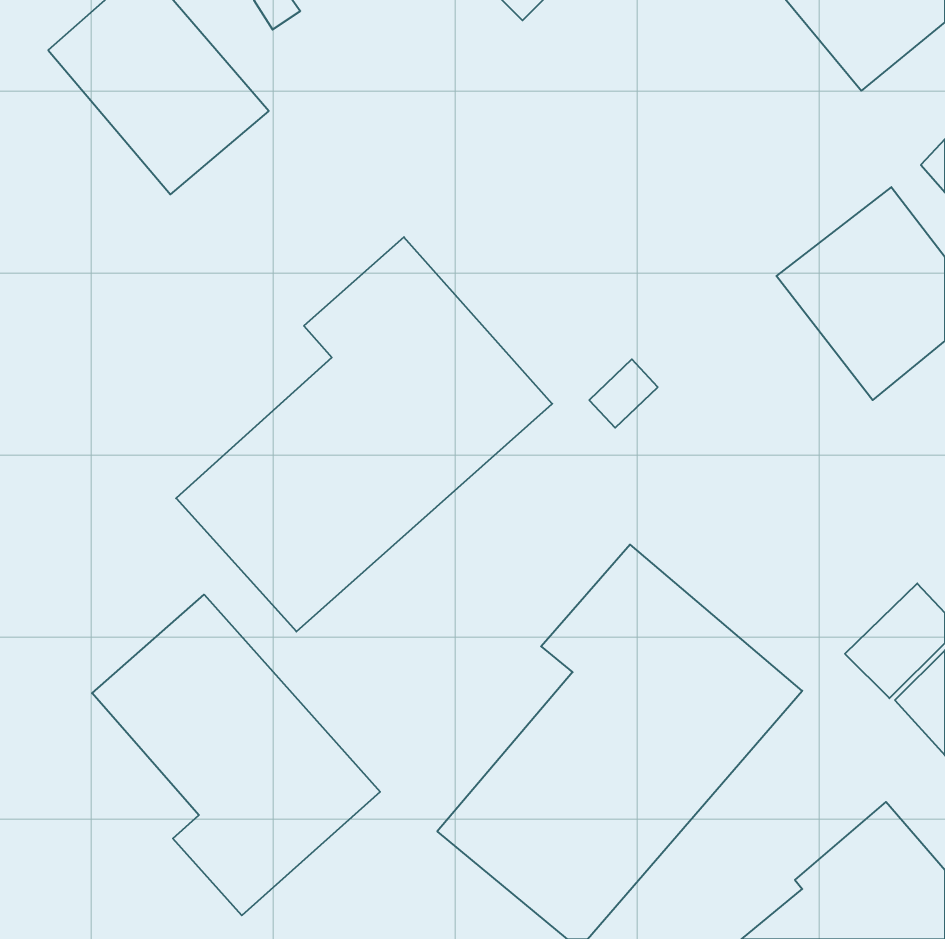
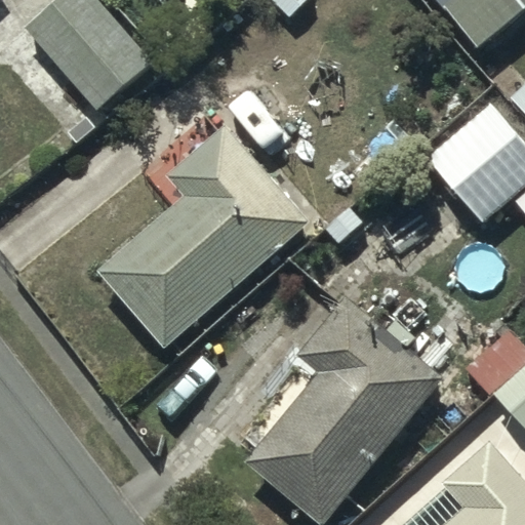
building: [92,595,380,915] -> none

